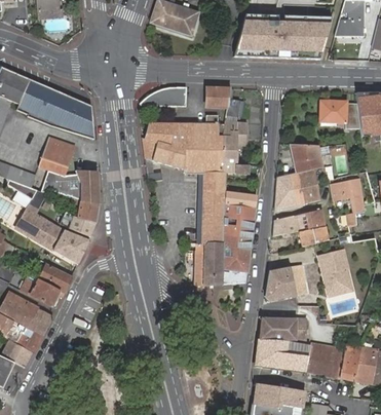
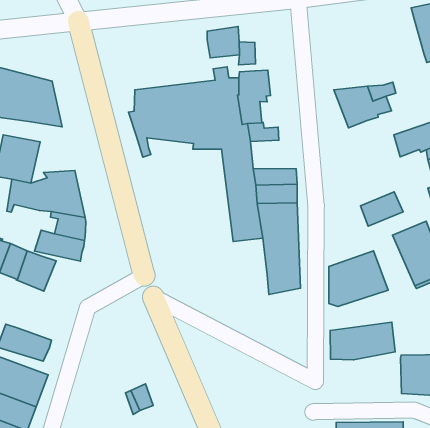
building: [141,86,188,105] -> none
building: [321,100,361,129] -> none
building: [275,169,318,210] -> none
building: [273,209,325,234] -> none
building: [62,235,89,266] -> none
building: [197,241,225,285] -> none
building: [39,264,73,294] -> none
building: [257,337,310,370] -> none

